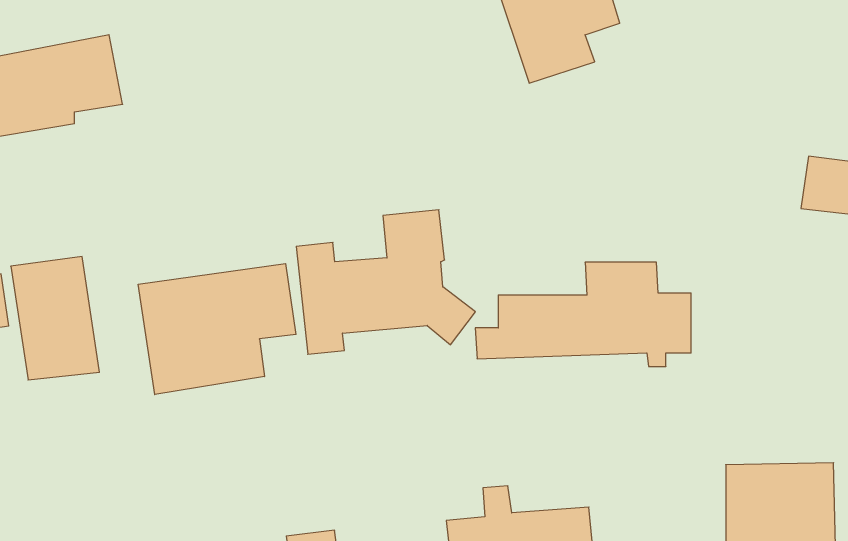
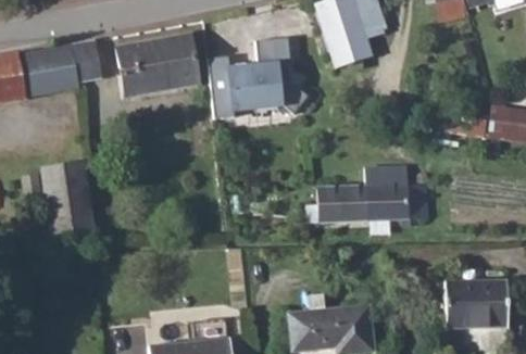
building: none -> [115,34,199,97]
building: [296,210,475,354] -> [208,37,309,118]
building: [138,264,296,395] -> none

